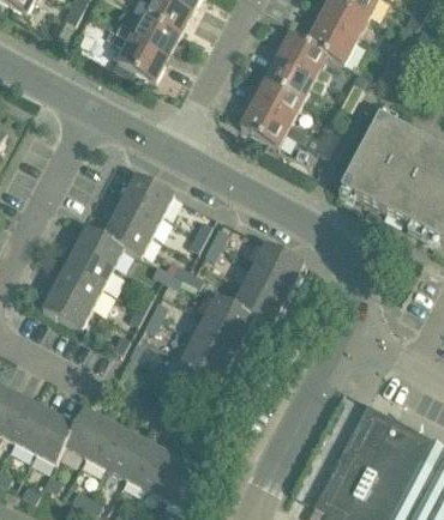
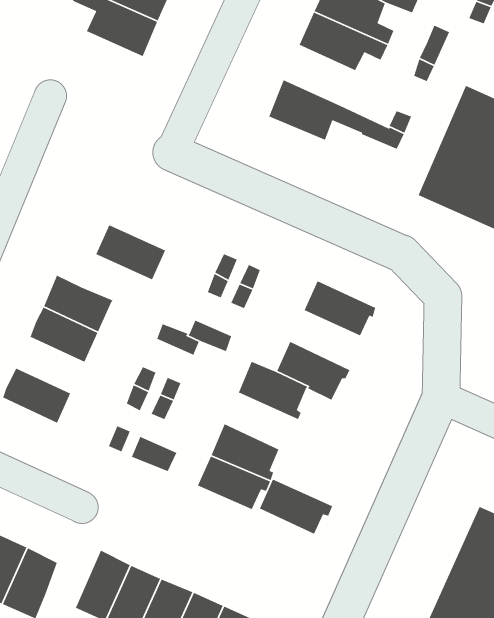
building: [252,78,302,121] -> none
building: [125,173,174,213] -> none
building: [103,213,152,256] -> none
building: [245,261,294,304] -> none
building: [54,267,102,308] -> none
building: [196,315,247,356] -> [259,478,333,535]
building: [65,406,104,456] -> none

